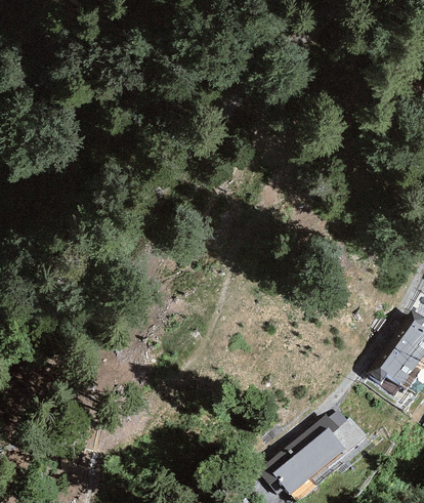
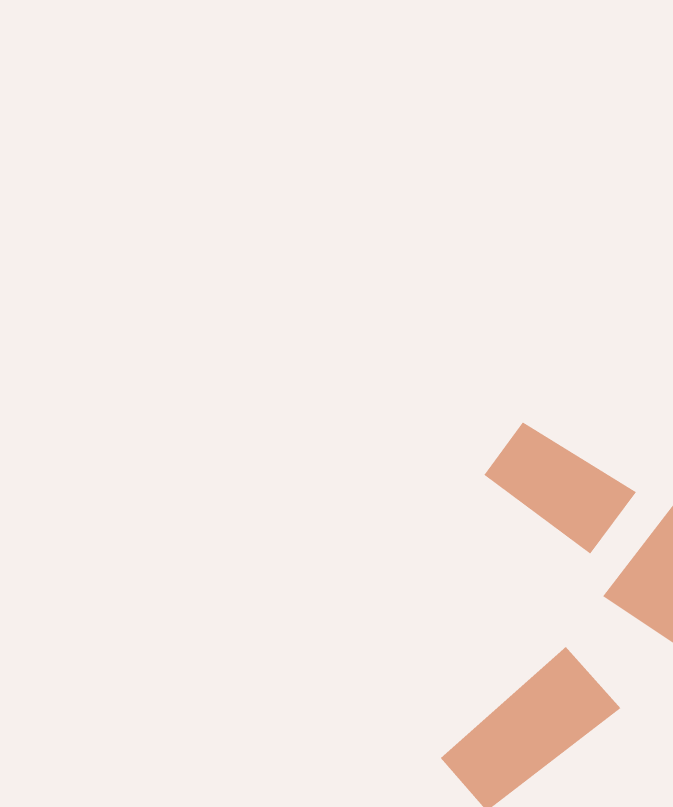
building: none -> [484,421,637,555]

